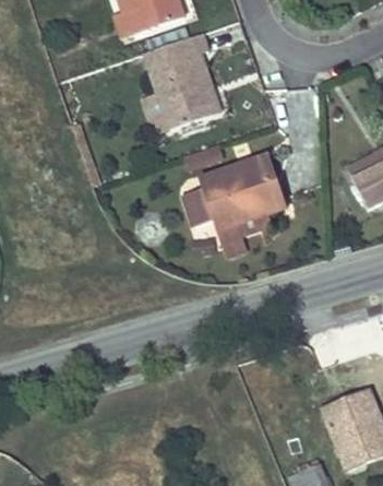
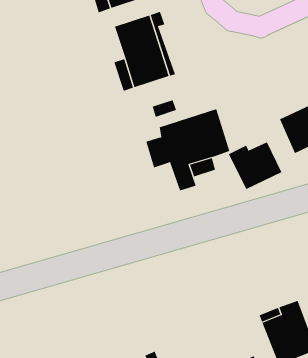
building: none -> [228,141,282,190]

